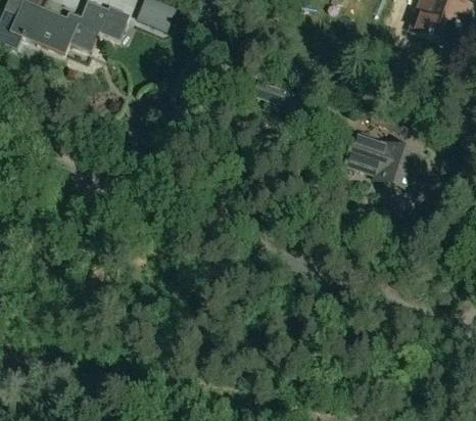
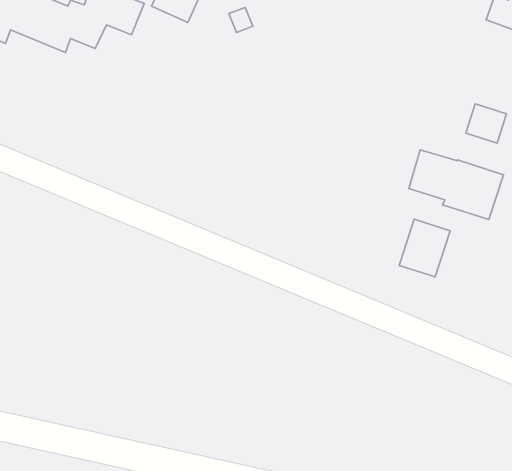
building: none -> [466,104,506,143]
building: none -> [399,219,450,277]

